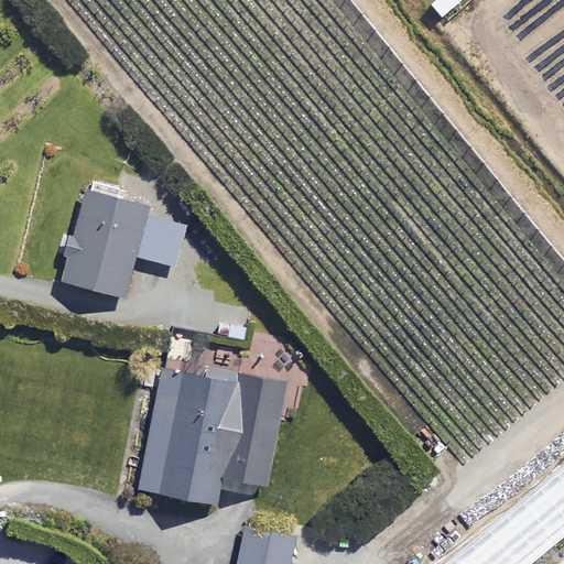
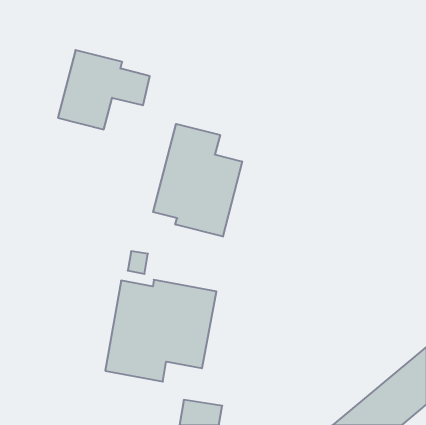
building: none -> [153,124,242,237]
building: [64,193,185,297] -> [58,50,150,129]

